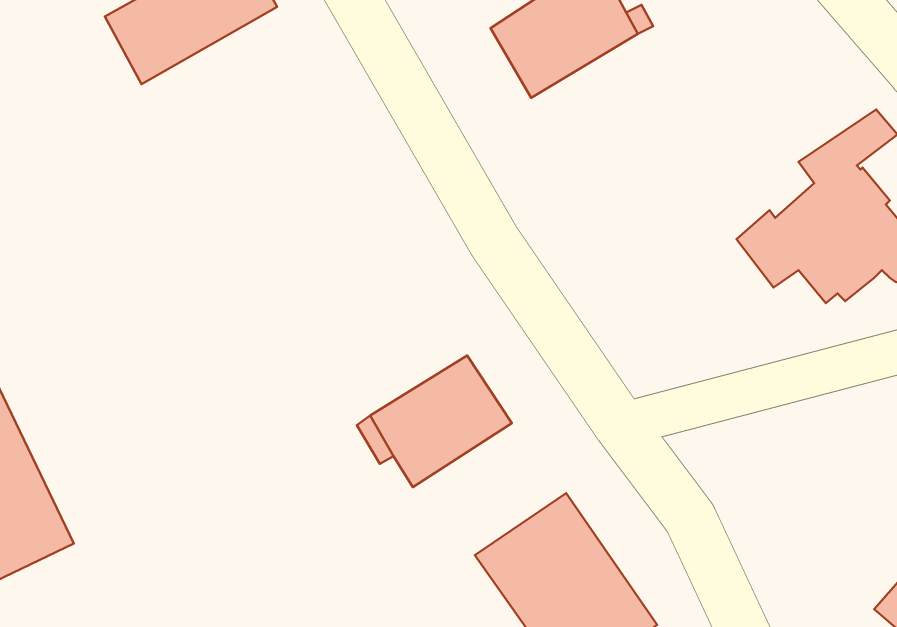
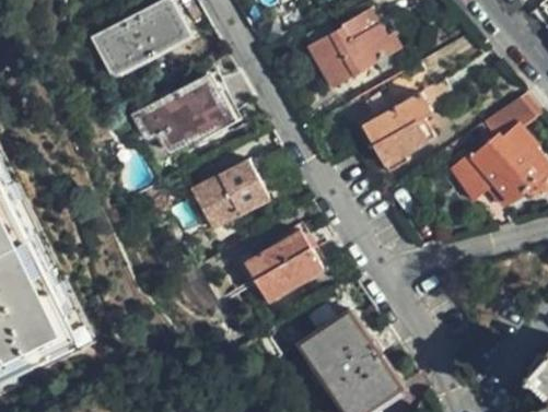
building: none -> [133,76,230,154]
building: none -> [366,90,435,164]
building: none -> [189,161,267,231]

